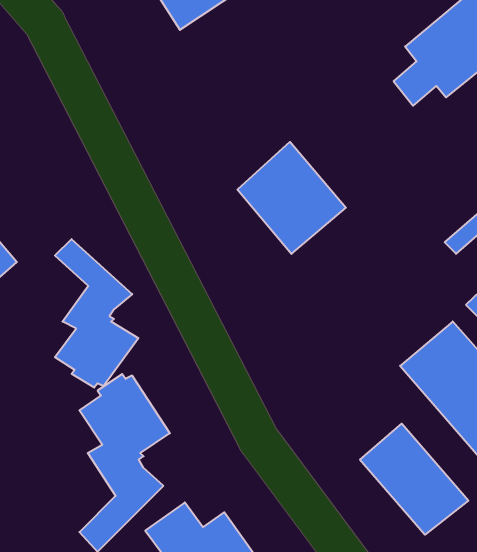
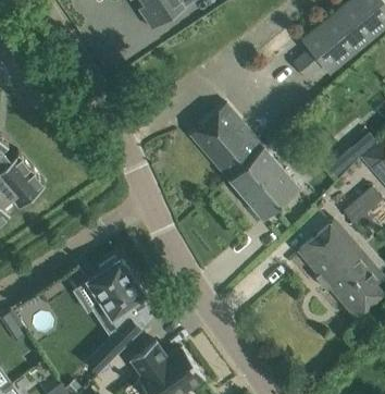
building: none -> [226,147,299,220]
building: [55,239,138,388] -> none
building: [360,424,468,535] -> none

